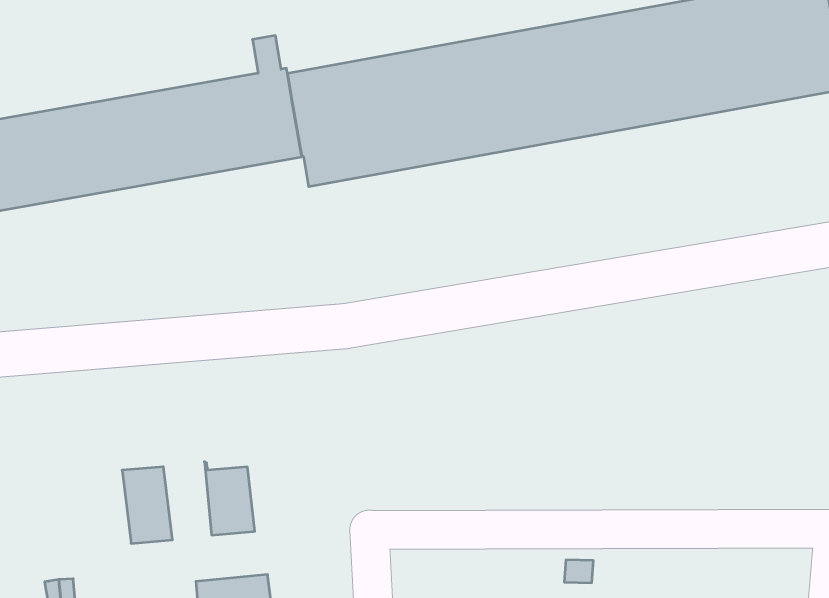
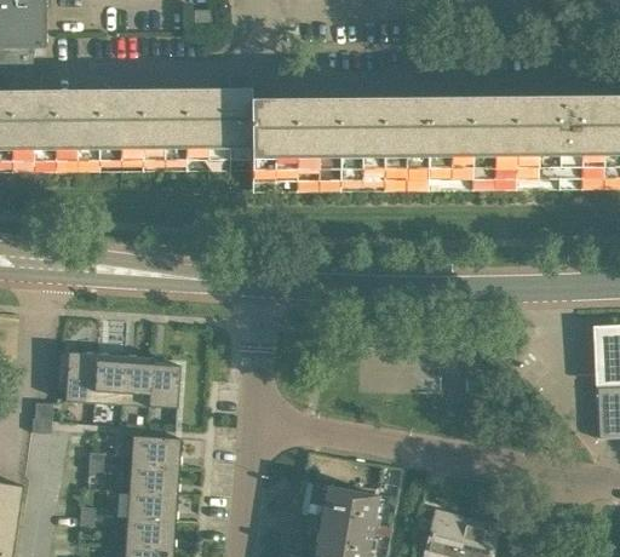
building: none -> [121,351,151,402]
building: none -> [64,348,96,398]

